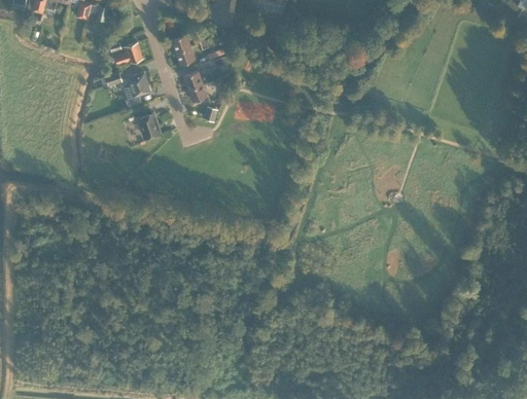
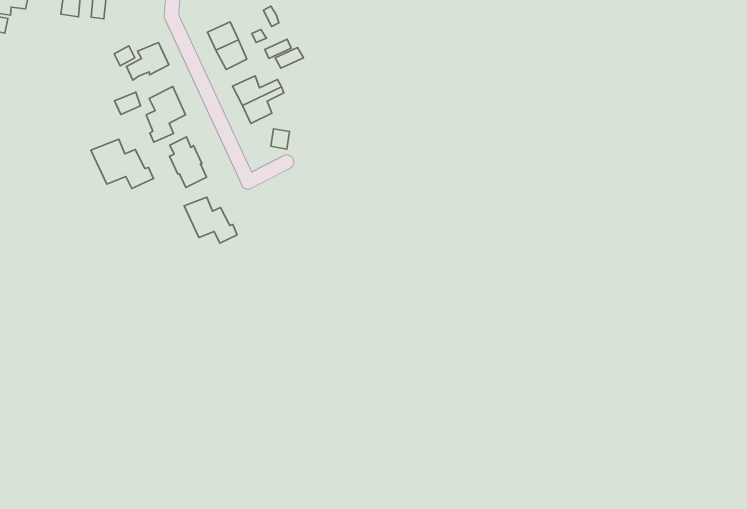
building: none -> [91,139,153,189]
building: none -> [184,197,237,243]

